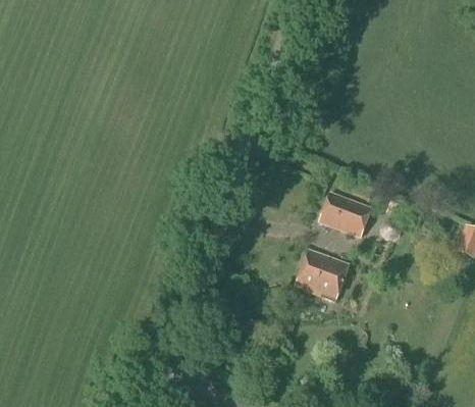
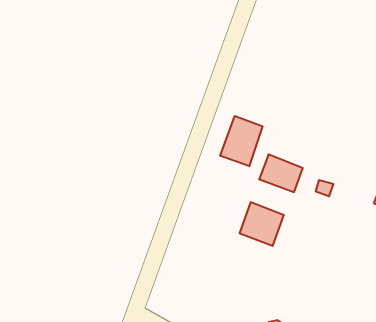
building: none -> [220,116,263,166]

